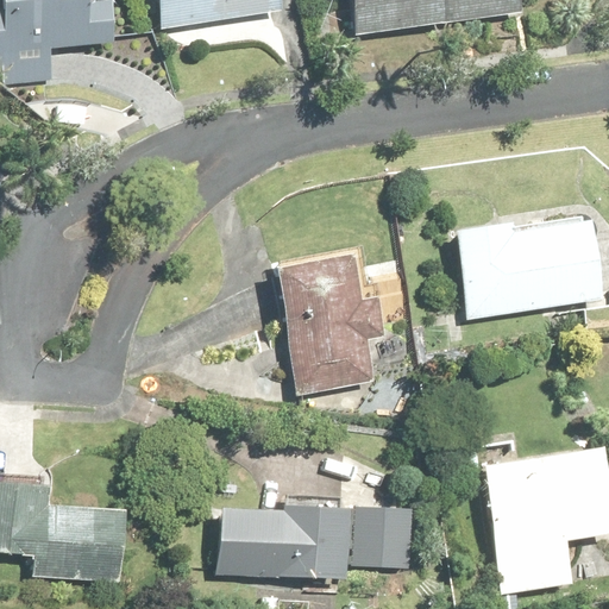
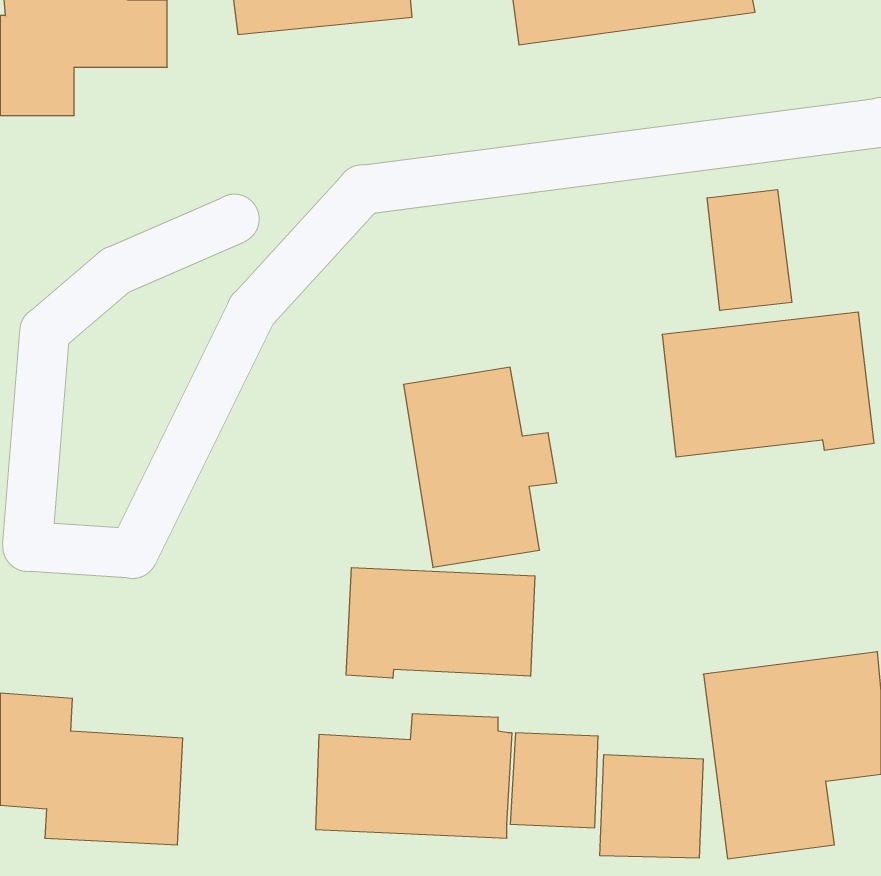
building: none -> [707,190,792,311]
building: none -> [346,568,535,678]
building: none -> [600,755,703,858]

